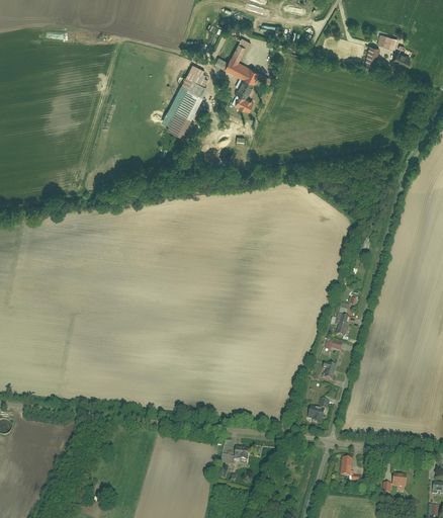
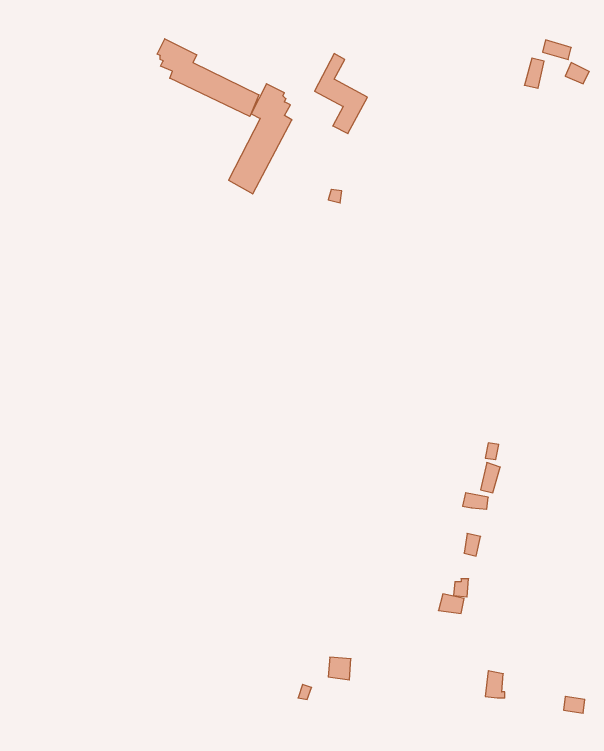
building: none -> [157,39,259,116]

